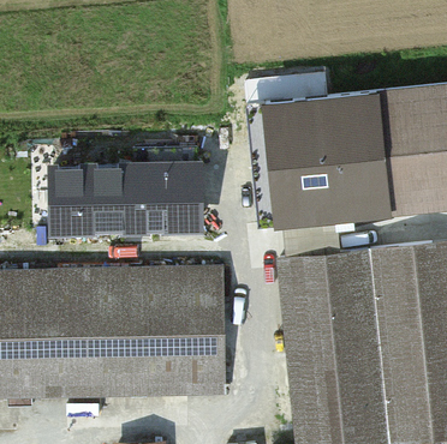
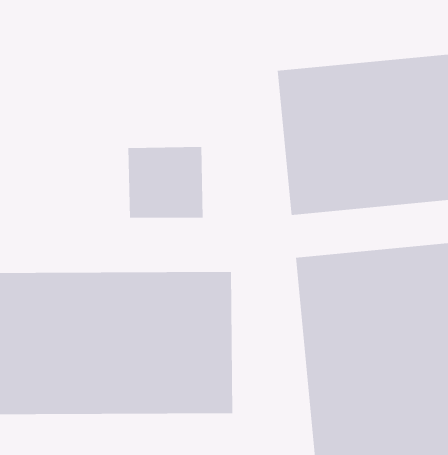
building: [53,167,136,229] -> none

